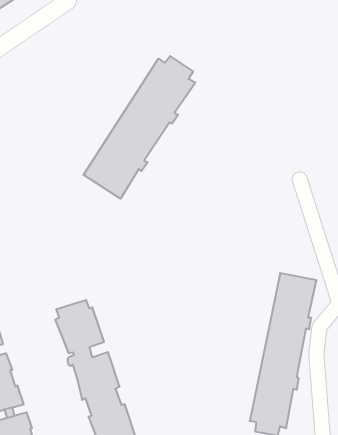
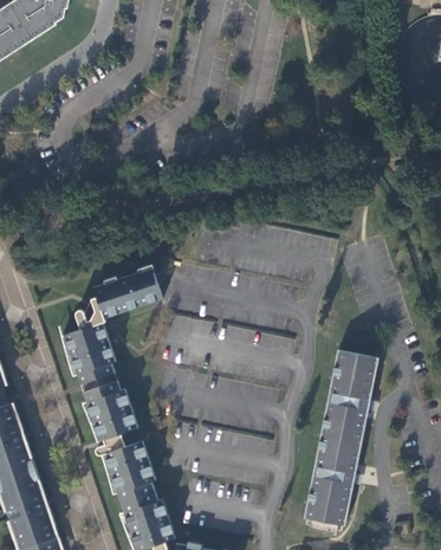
building: [83,56,195,199] -> none
building: none -> [61,266,162,383]

